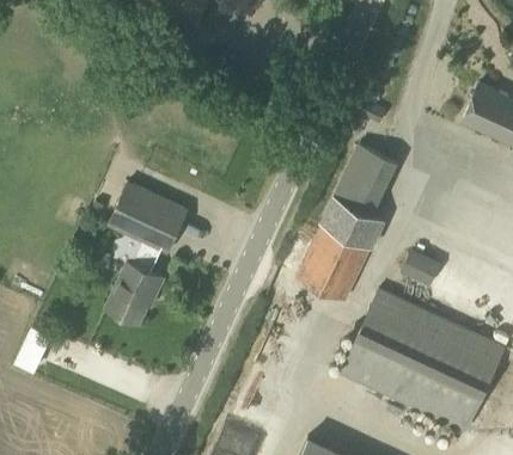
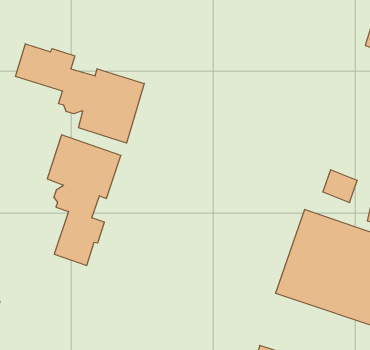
building: none -> [15,44,144,143]
building: [294,143,398,303] -> none

